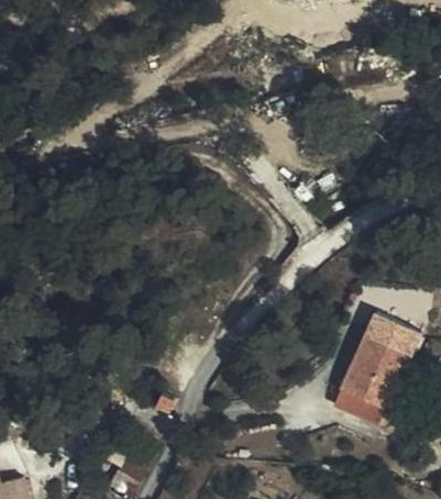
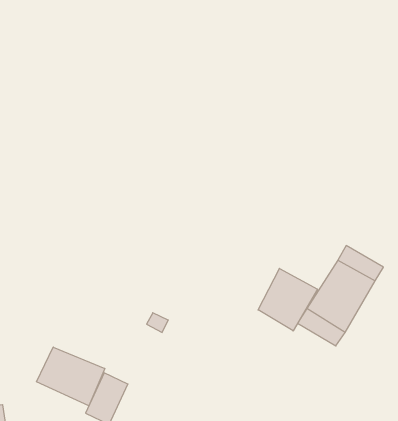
building: none -> [258,268,317,331]
building: none -> [36,347,105,406]

